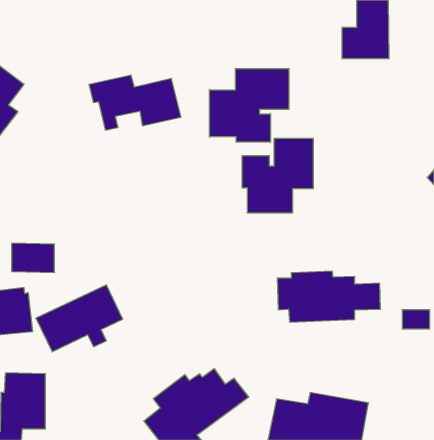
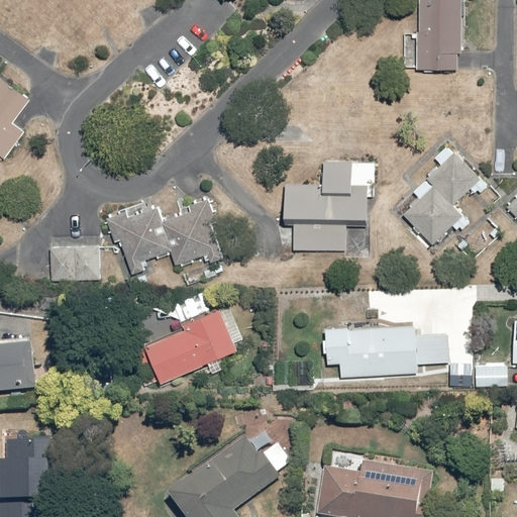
building: [209,68,289,142] -> none
building: [89,75,181,130] -> [109,209,217,274]
building: none -> [401,142,484,244]
building: [12,243,55,272] -> [45,245,96,280]
building: [36,285,123,352] -> [144,303,246,382]

